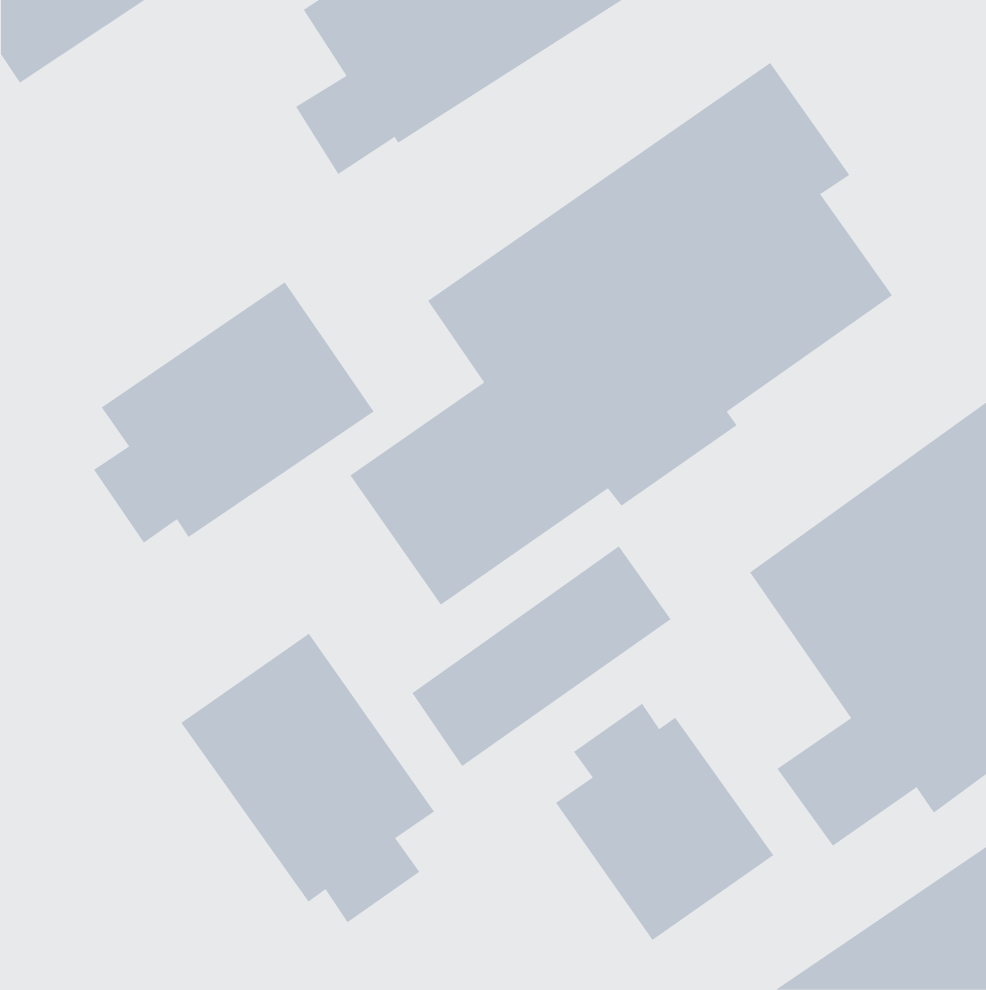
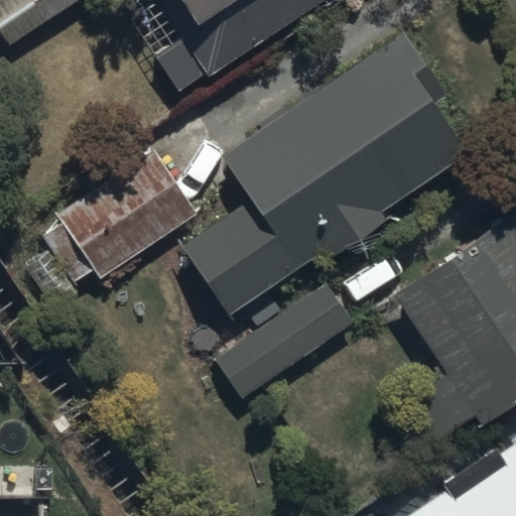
building: [181,633,435,923] -> none
building: [555,703,774,941] -> none

